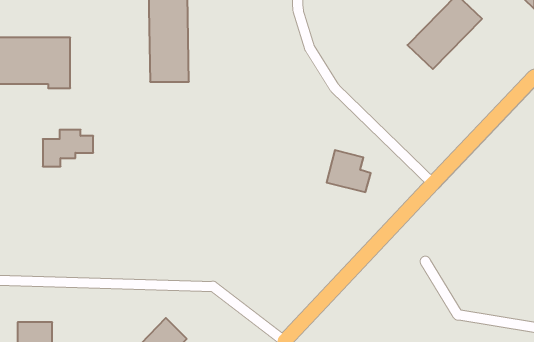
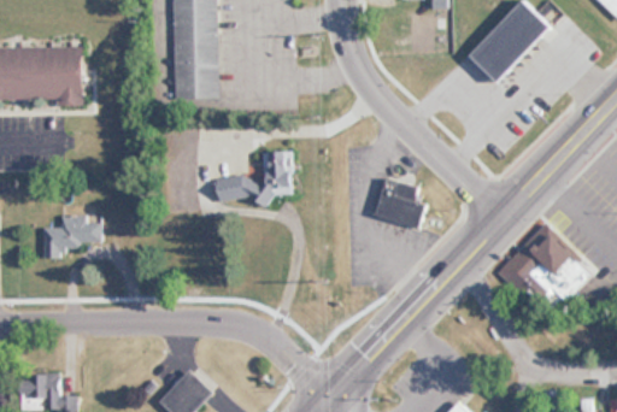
building: none -> [216,148,294,202]
building: [43,130,93,166] -> [42,216,100,258]
building: none -> [496,233,593,319]

